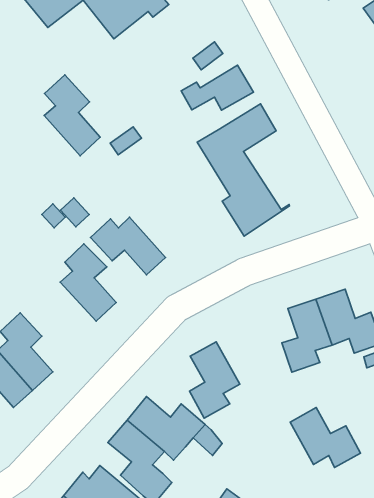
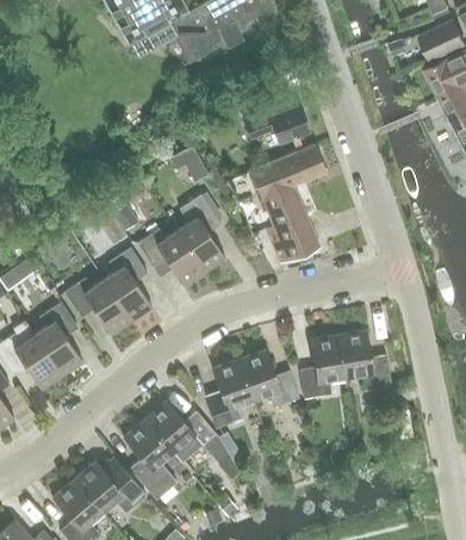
building: [44,75,100,156] -> [176,195,225,273]
building: none -> [64,278,130,335]
building: [290,408,361,468] -> [238,349,299,408]

